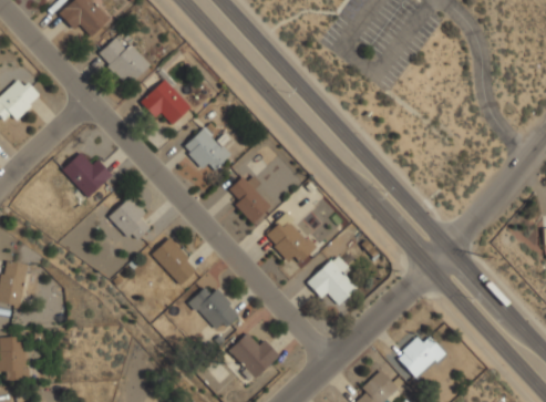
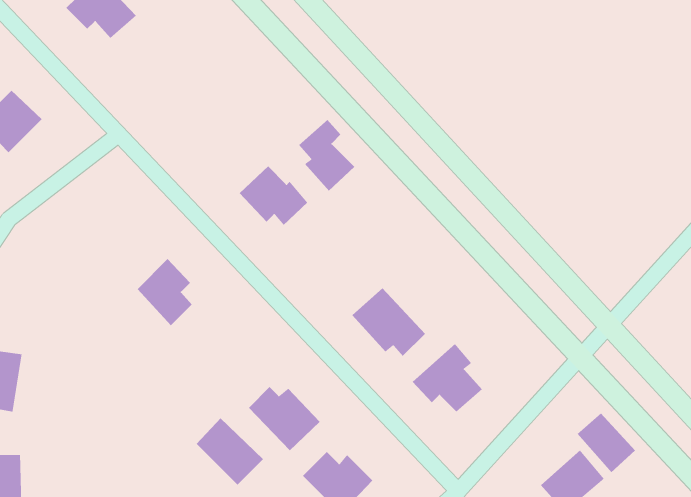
building: [97,39,150,86] -> none
building: [138,80,190,126] -> none
building: [61,153,112,197] -> none
building: [229,173,270,225] -> [298,119,355,192]
building: [151,236,199,285] -> [196,418,264,485]
building: none -> [577,413,636,473]

